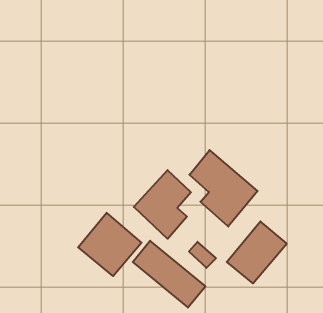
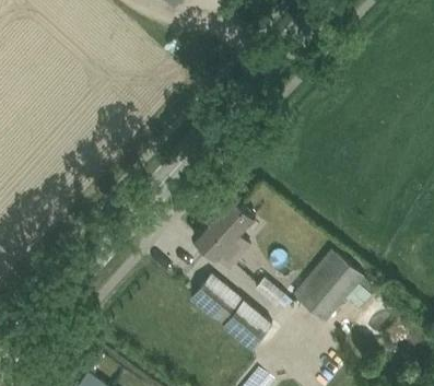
building: [189,150,258,227] -> none
building: [78,213,142,276] -> none

